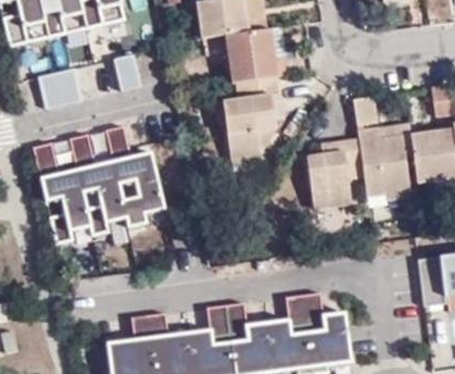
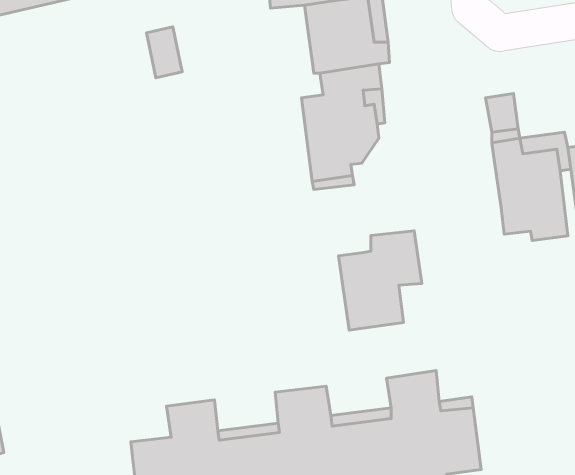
building: [38,64,83,104] -> none
building: [35,124,166,242] -> none
building: [305,140,364,210] -> [338,231,422,330]

